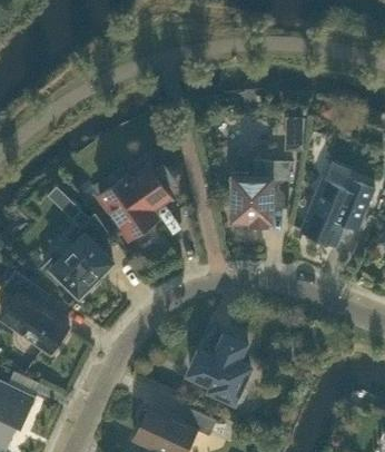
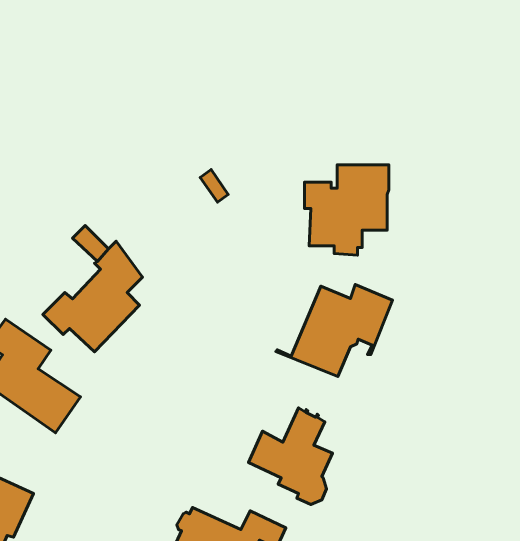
building: [98,169,167,242] -> none
building: [290,180,374,246] -> [276,285,392,376]

